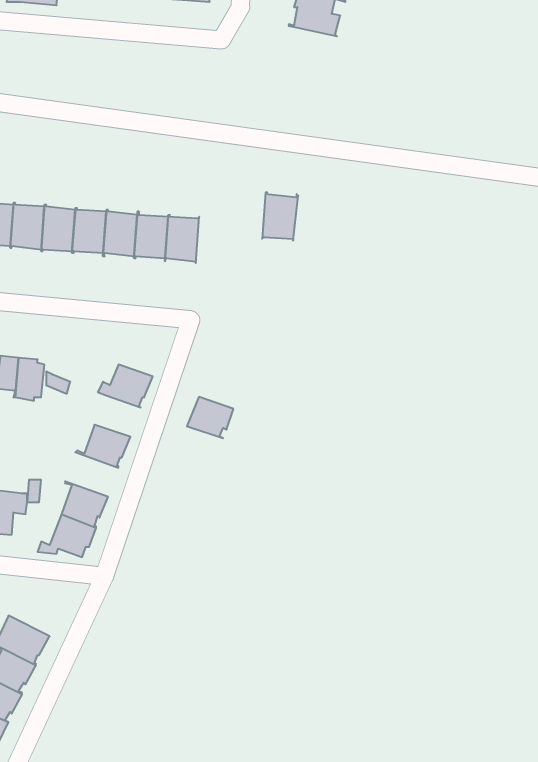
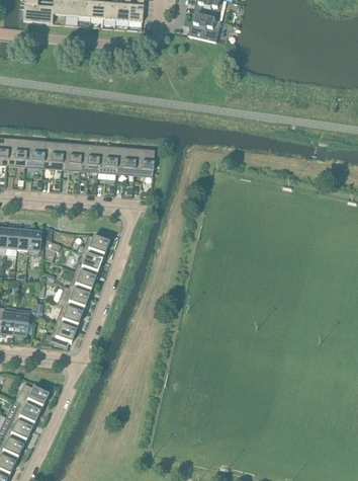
building: [262,192,298,241] -> [133,148,155,176]
building: [187,397,233,438] -> [74,253,101,277]
building: none -> [57,287,88,313]

